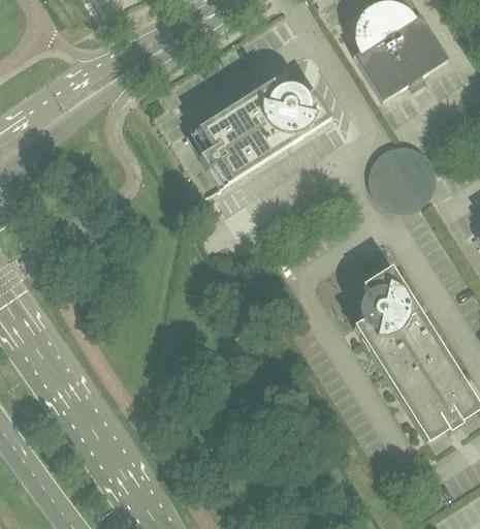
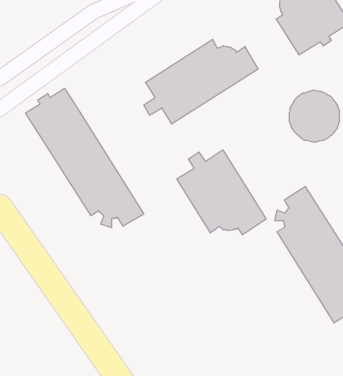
building: none -> [26,88,144,228]
building: none -> [177,150,266,235]

